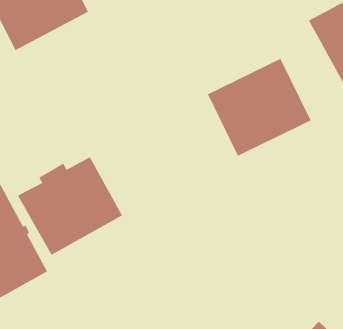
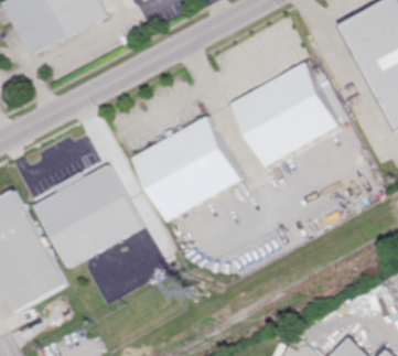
building: none -> [132,117,243,223]

